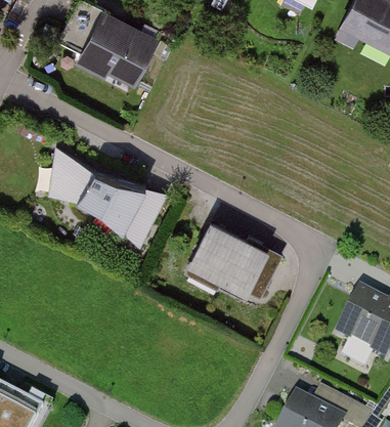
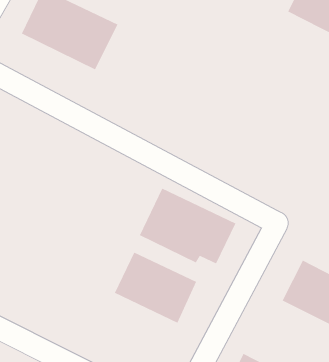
building: [40,145,169,251] -> none
building: none -> [114,251,197,324]

